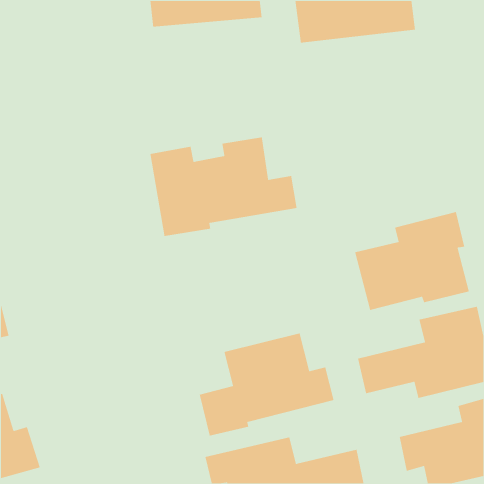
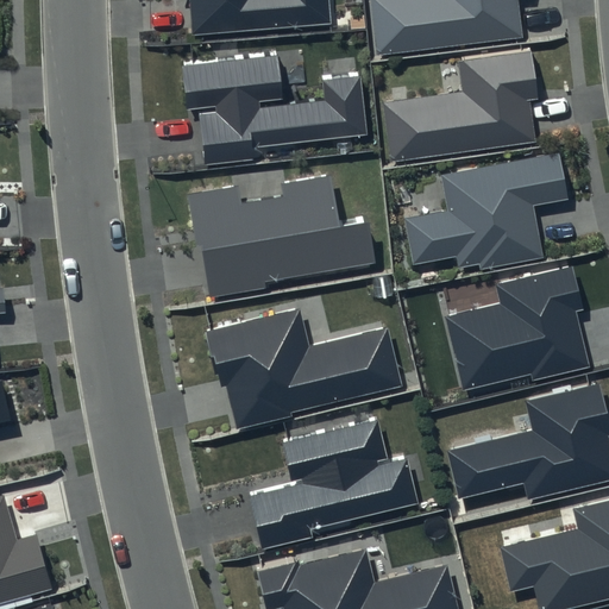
building: none -> [384,51,538,161]
building: none -> [180,54,366,165]
building: none -> [404,151,569,268]
building: none -> [206,309,402,427]

